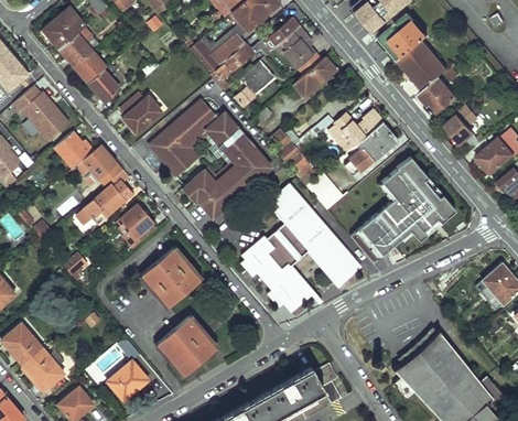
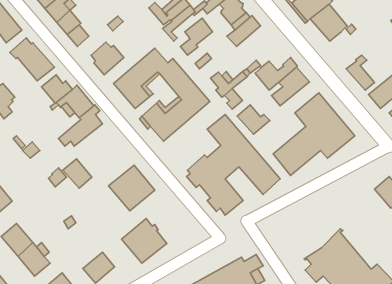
building: [419,78,454,114] -> none
building: [120,205,158,242] -> [63,159,92,188]

